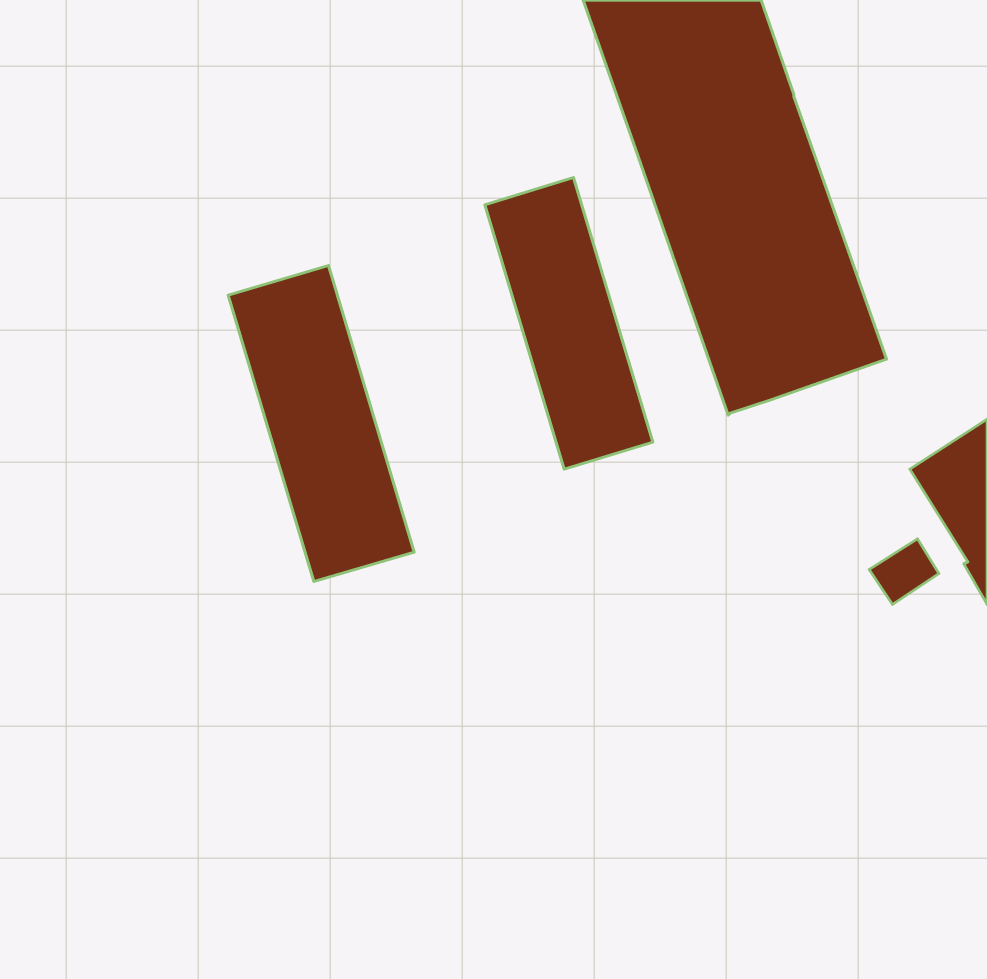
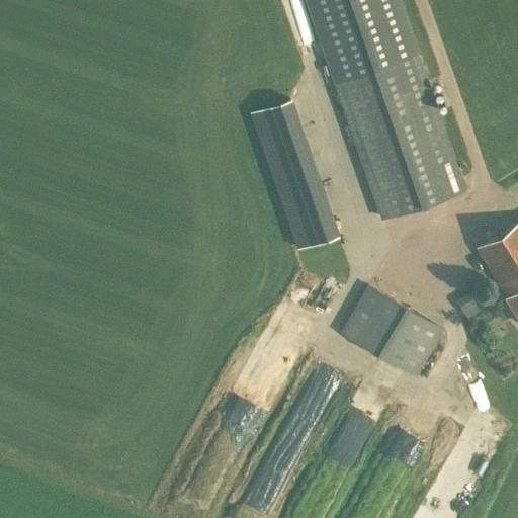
building: [228,265,414,582] -> none
building: none -> [340,286,443,378]

